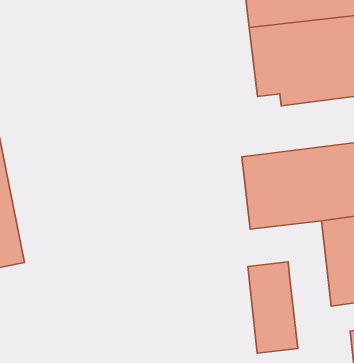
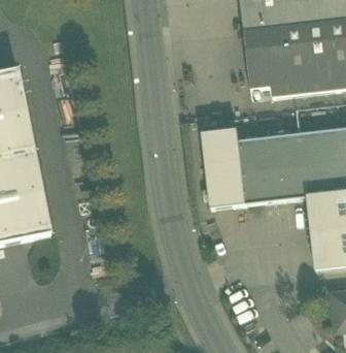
building: [248,262,298,353] -> [203,128,246,207]

